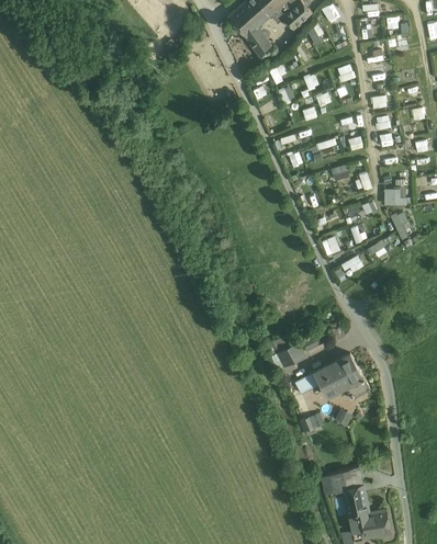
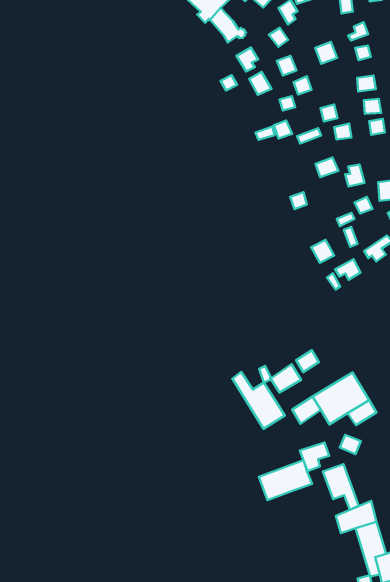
building: none -> [232,372,285,429]
building: none -> [259,460,312,500]
building: none -> [323,464,359,510]

